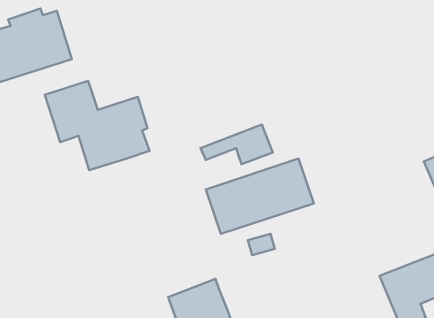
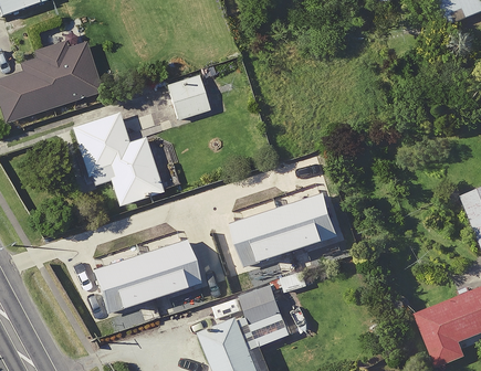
building: none -> [163,72,207,120]
building: [200,124,273,164] -> [207,285,281,326]
building: none -> [98,240,209,316]

